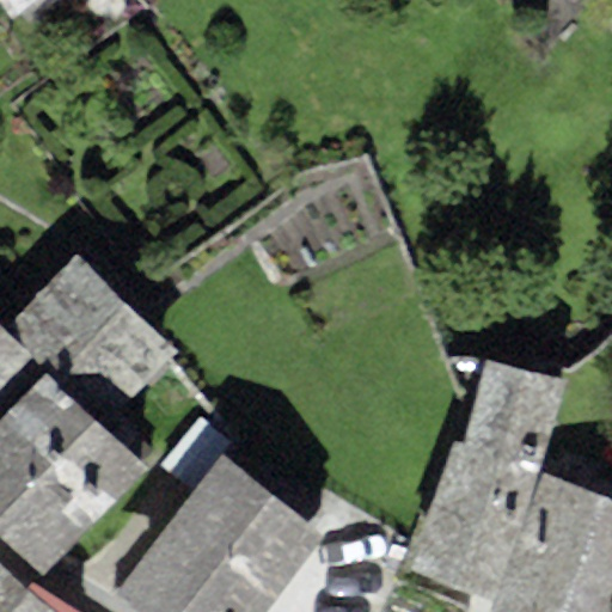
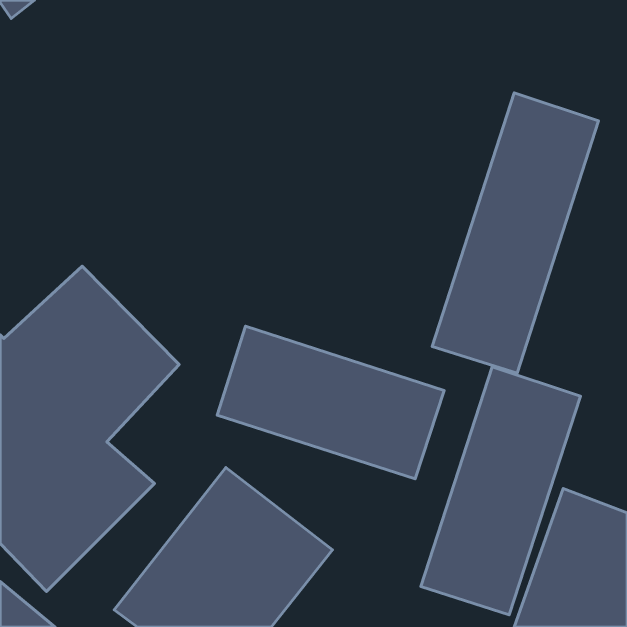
building: none -> [432,93,599,373]
building: none -> [217,326,444,479]

